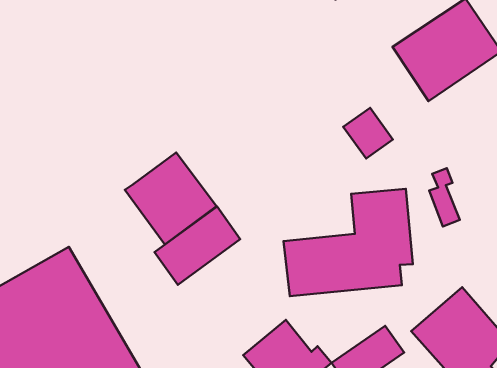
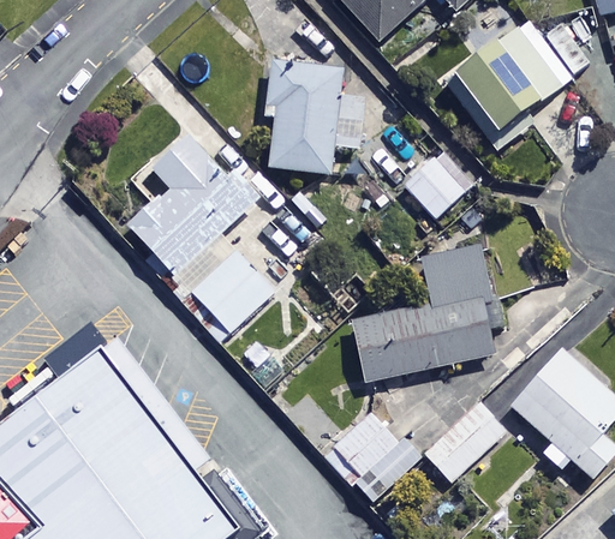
building: none -> [261,62,340,174]
building: none -> [127,133,255,277]
building: [155,207,240,285] -> none

